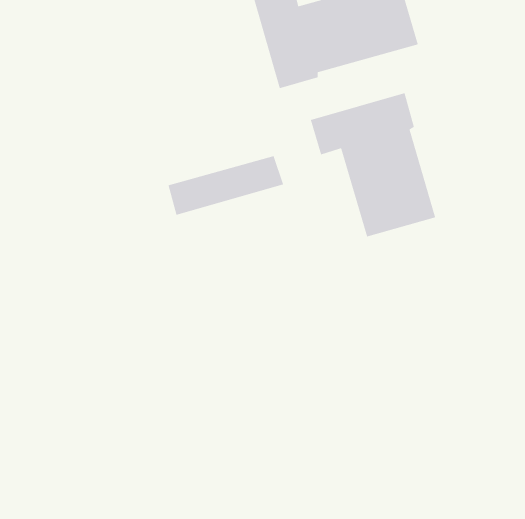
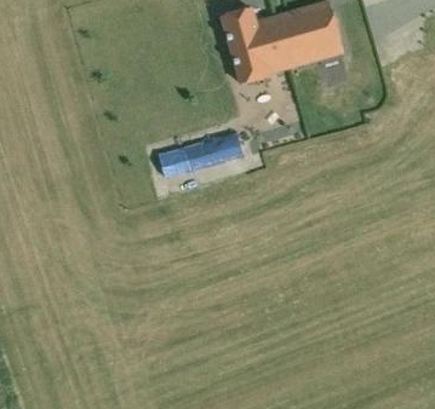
building: [310,92,436,237] -> none

